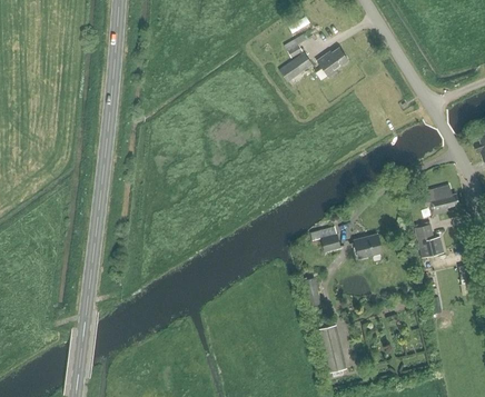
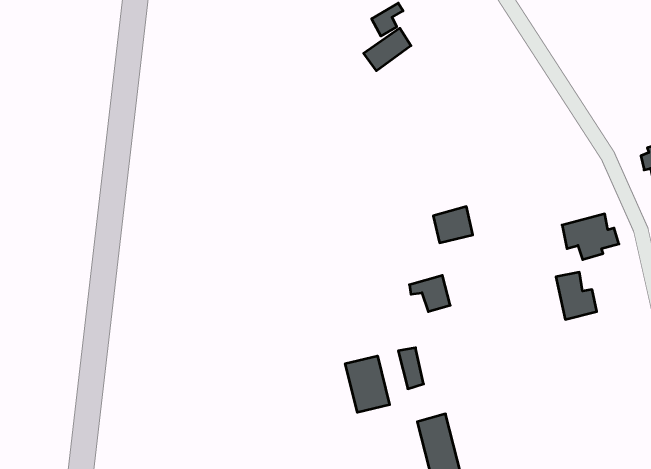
building: [317,47,348,77] -> none
building: [355,232,383,258] -> [433,207,473,243]
building: none -> [345,356,390,412]

